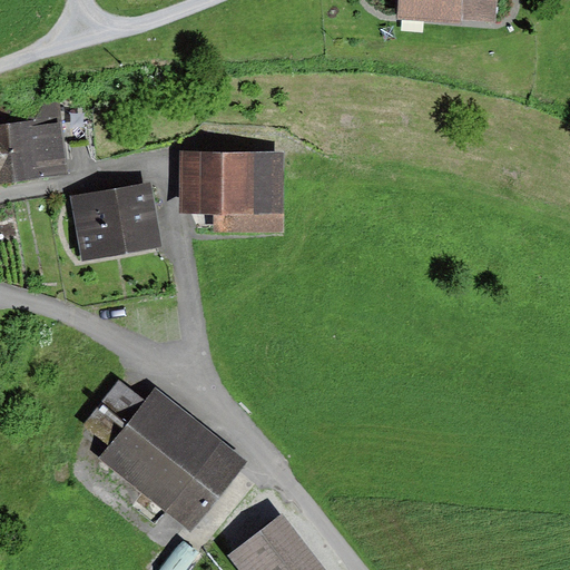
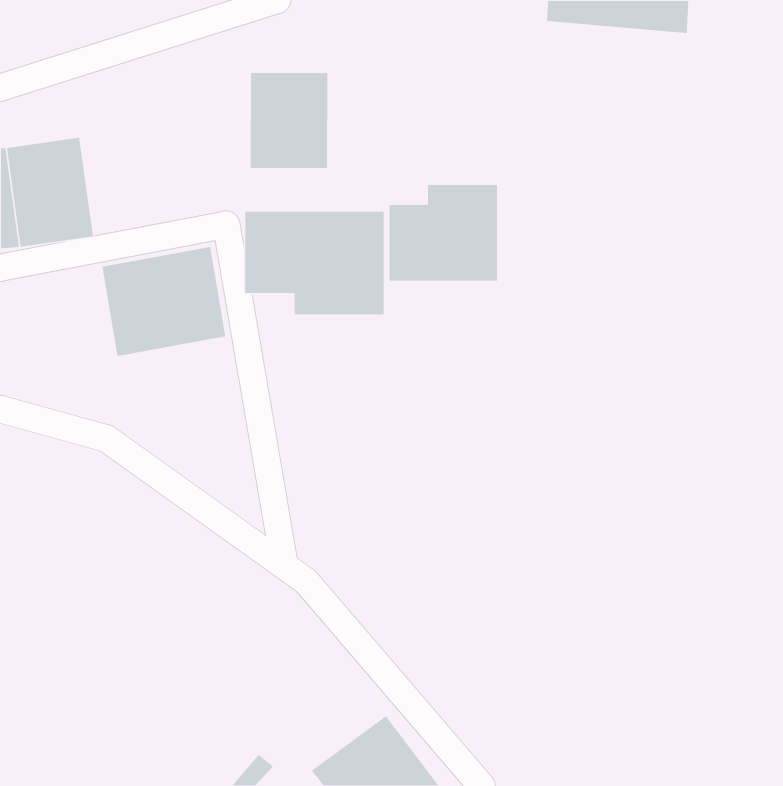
building: none -> [250,72,328,169]
building: none -> [389,184,498,282]
building: [85,386,246,535] -> none

